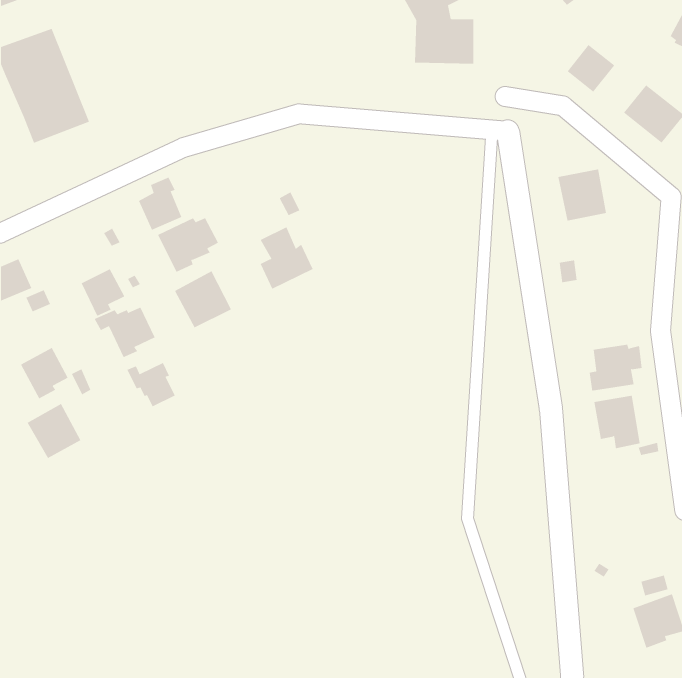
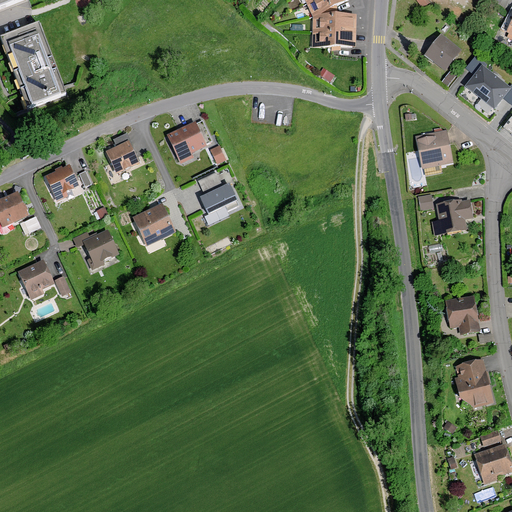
building: [157,218,219,272] -> [166,120,212,161]
building: [81,268,125,317] -> [44,164,77,200]
building: [589,344,643,391] -> [433,199,473,234]
building: [127,362,176,407] -> none
building: [27,403,81,459] -> none
building: none -> [454,359,493,407]

